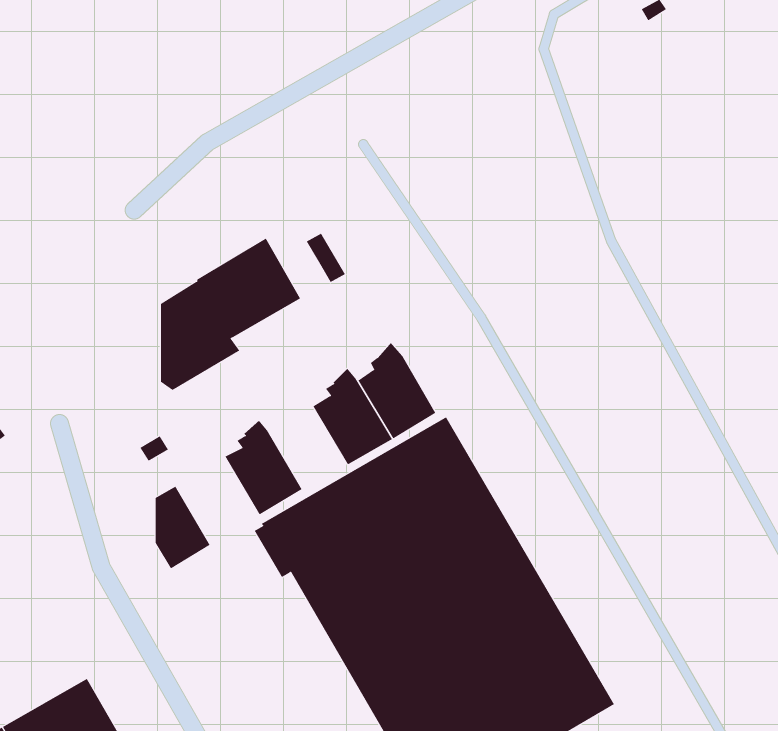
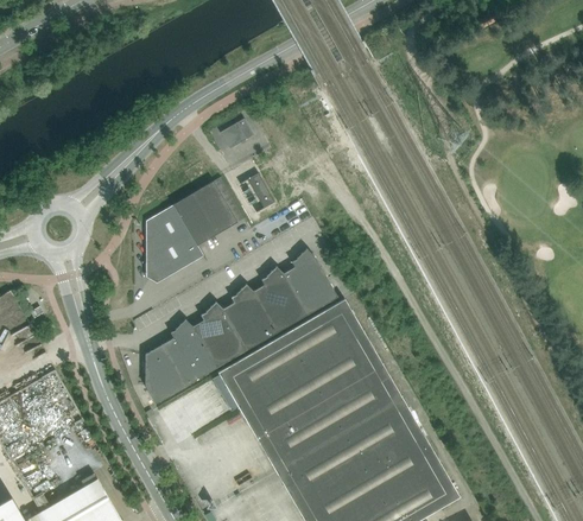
building: none -> [220,119,254,148]
building: none -> [222,284,277,349]
building: none -> [159,319,216,387]

